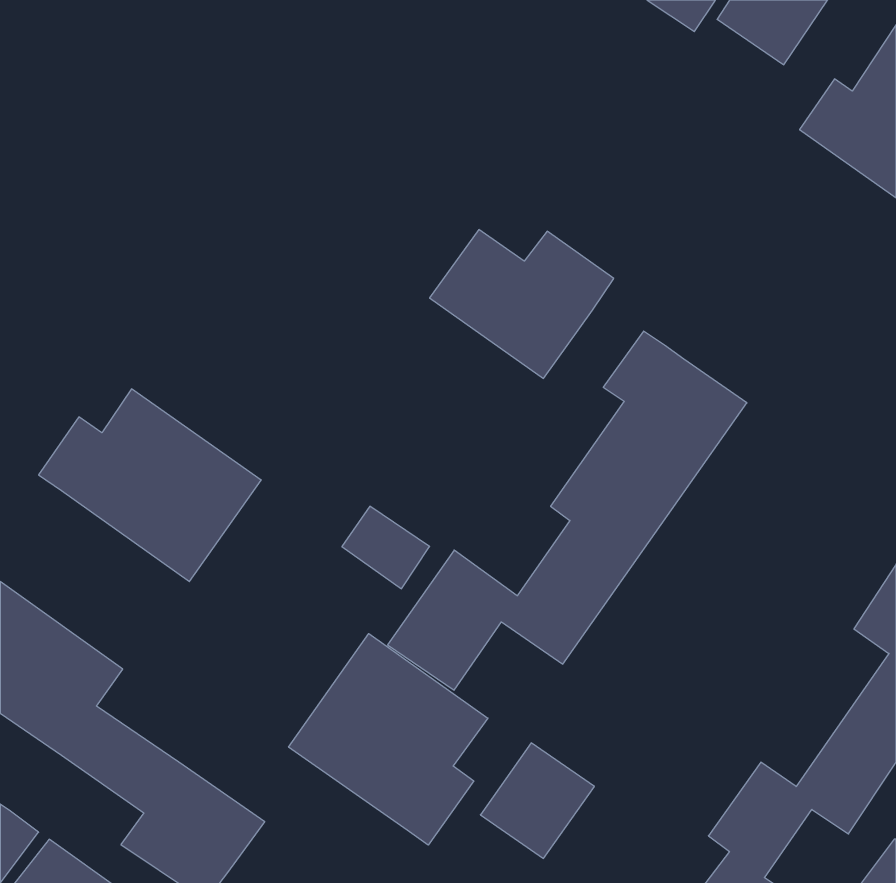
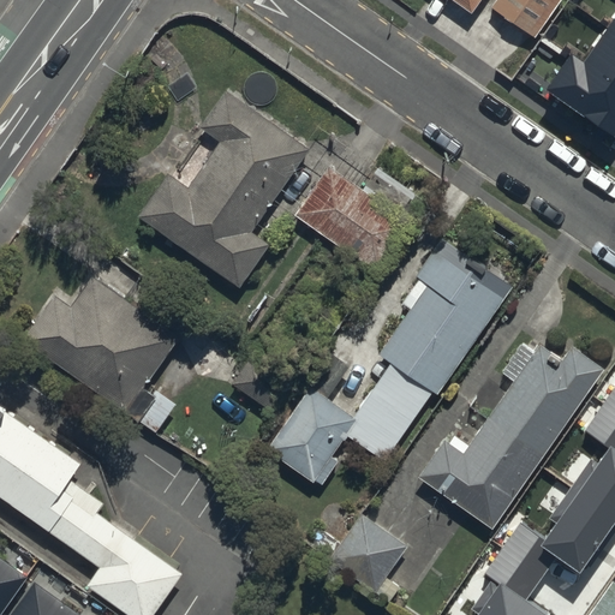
building: none -> [137,91,309,286]
building: none -> [418,342,603,529]
building: [289,634,488,845] -> none

